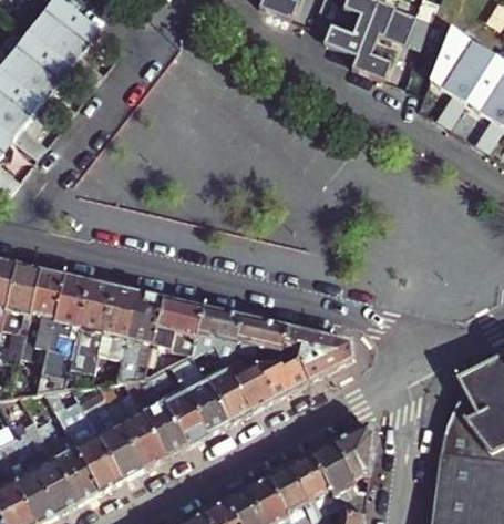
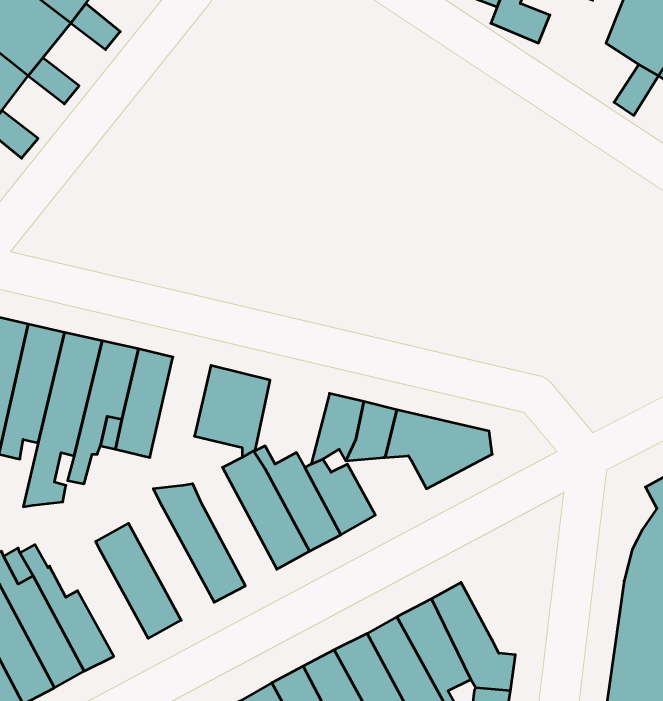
building: [117,291,164,381] -> none
building: [194,307,244,366] -> none
building: [255,359,309,398] -> none
building: [157,378,208,445] -> none
building: [97,382,166,469] -> none
building: [44,390,122,493] -> none
building: [332,425,377,482] -> none

